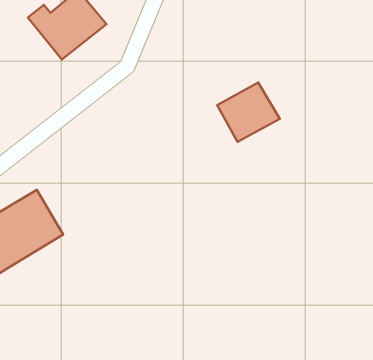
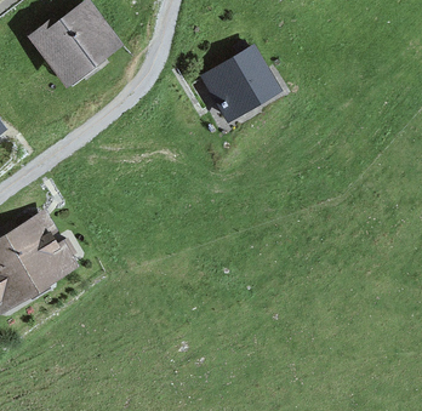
building: [217,82,280,142] -> [206,53,273,116]

